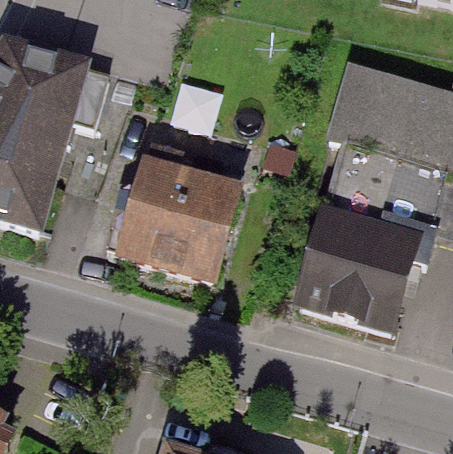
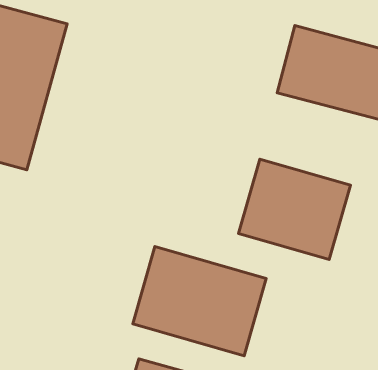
building: [110,170,234,286] -> none
building: none -> [133,246,266,356]

